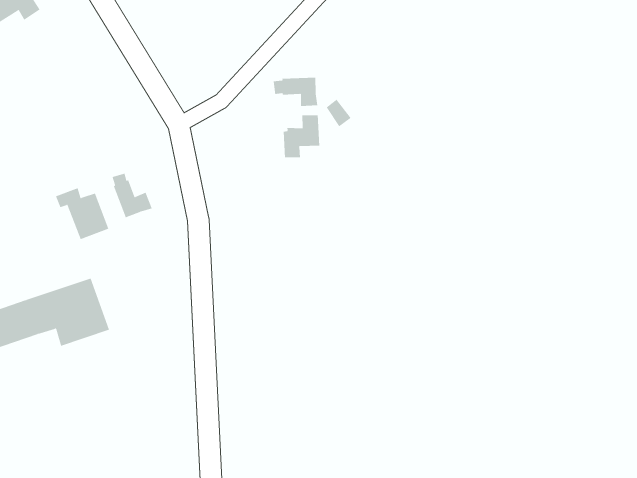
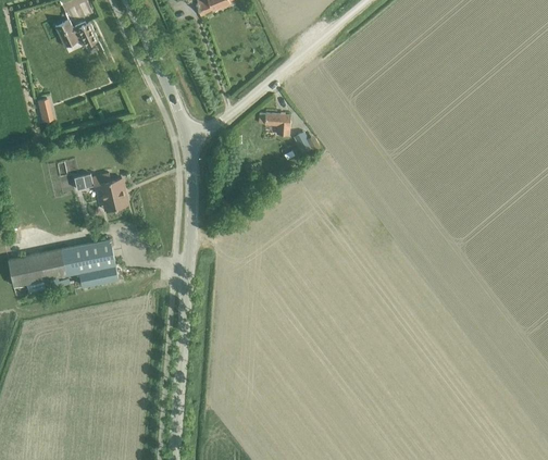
building: [283,115,320,158] -> none
building: [112,173,152,218] -> none

